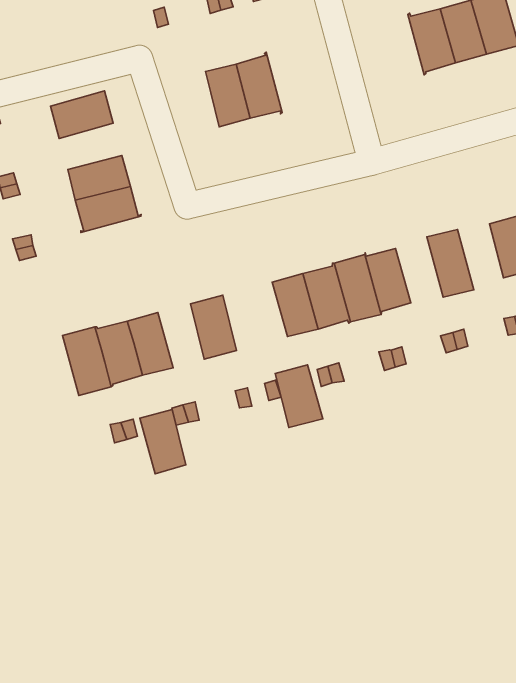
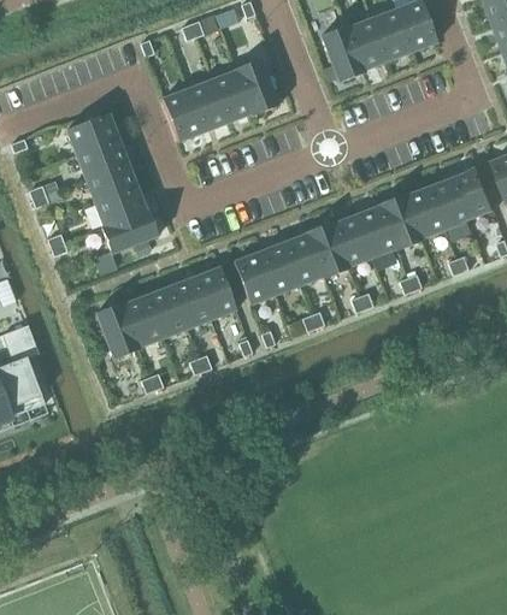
building: none -> [320,25,364,82]
building: none -> [235,58,278,114]
building: none -> [163,88,204,141]
building: none -> [76,137,128,178]
building: none -> [101,209,158,253]
building: none -> [403,187,444,241]
building: none -> [355,202,397,256]
building: [275,365,323,427] -> [234,252,276,303]
building: [140,410,186,474] -> [170,276,211,329]

